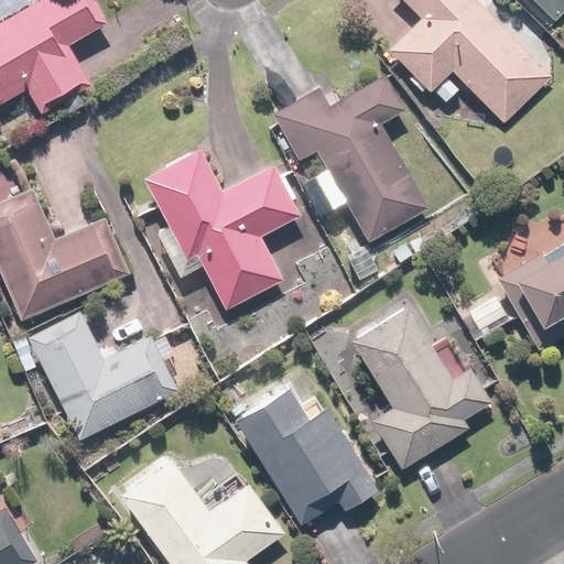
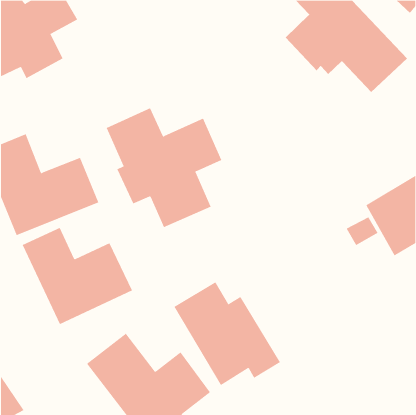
building: [274,72,431,241] -> none
building: [348,300,490,473] -> none

